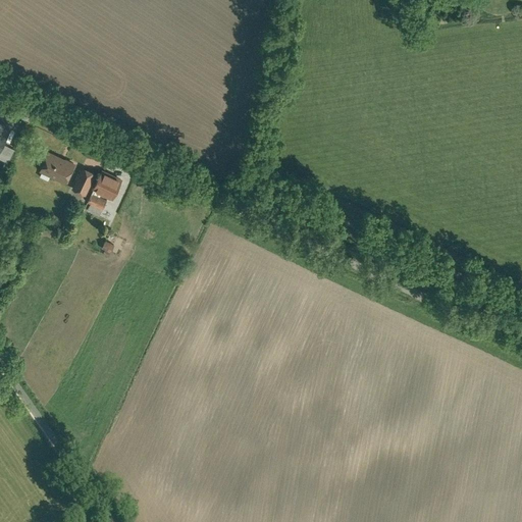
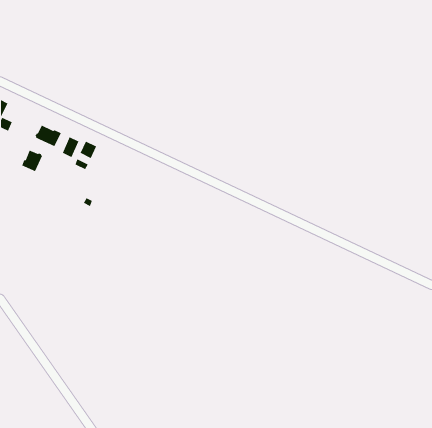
building: none -> [21,149,43,172]

